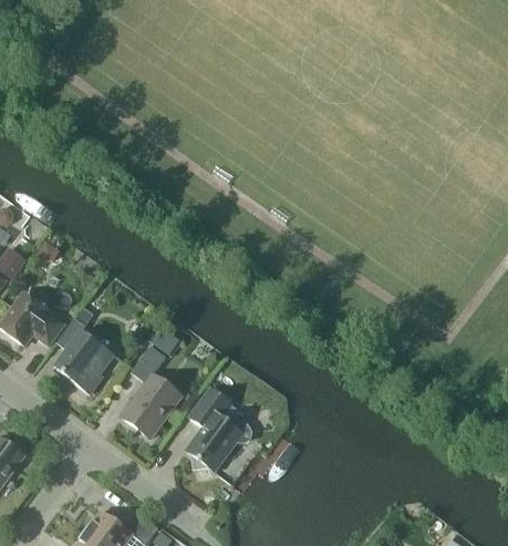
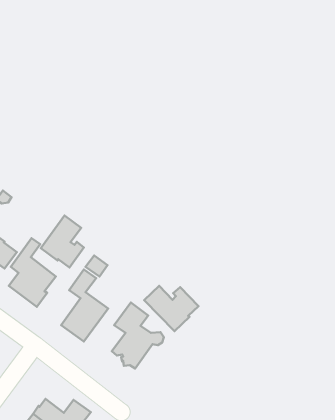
building: none -> [41,216,84,268]
building: none -> [144,286,199,331]

